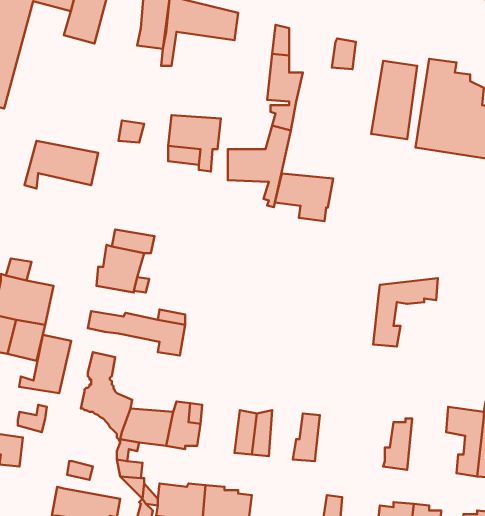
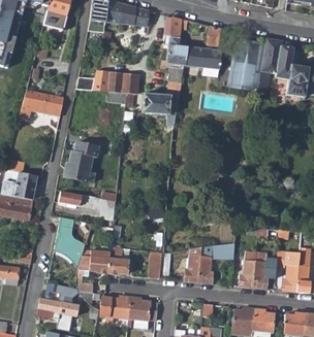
building: [275,173,333,221] -> [185,47,220,76]
building: [373,278,438,346] -> [196,242,236,283]
building: [19,335,71,393] -> none
building: none -> [252,256,272,289]

